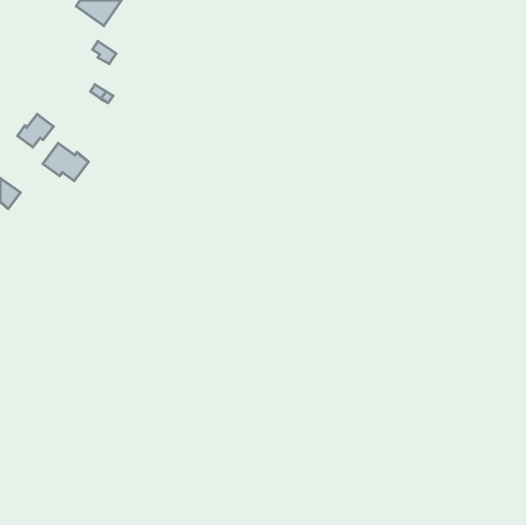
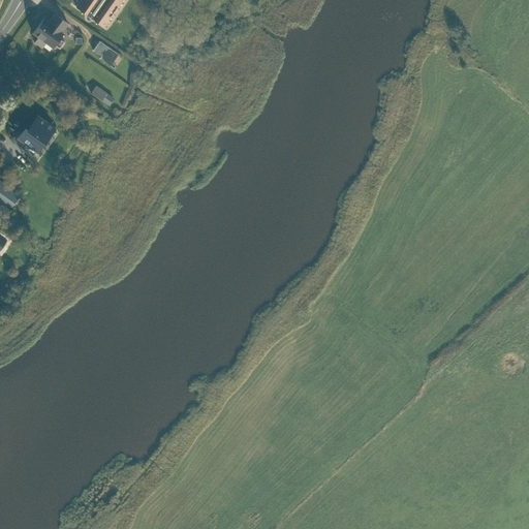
building: none -> [32,14,67,50]
building: [43,143,89,181] -> none

